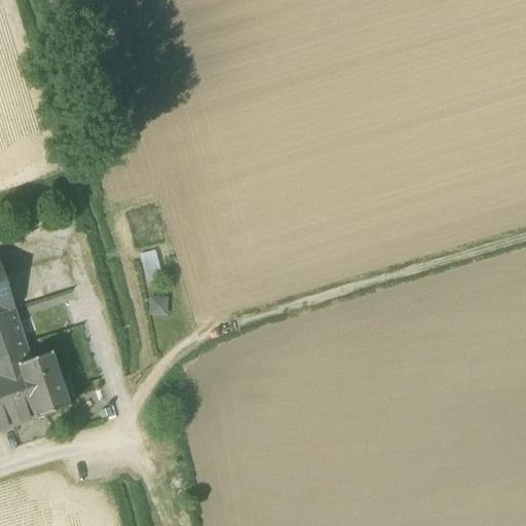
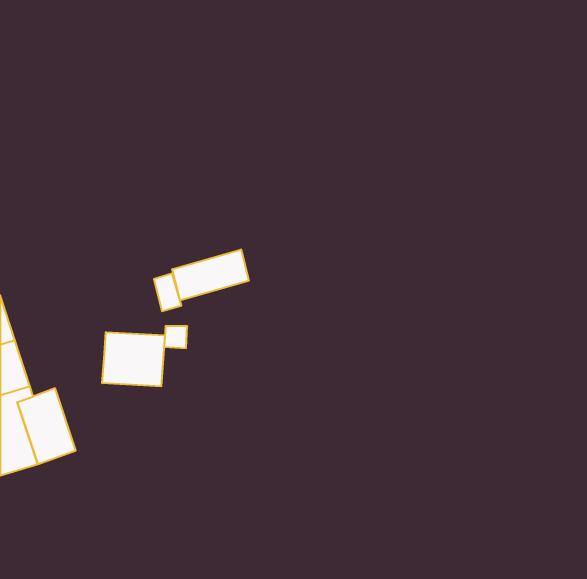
building: none -> [172,249,249,300]
building: none -> [102,332,165,386]

